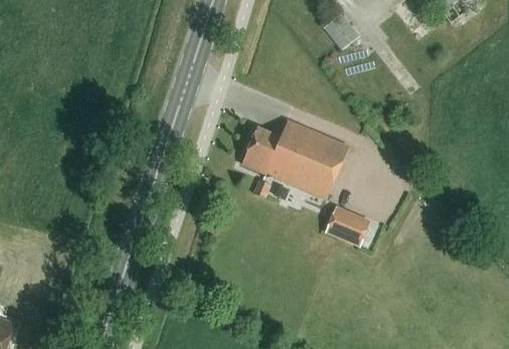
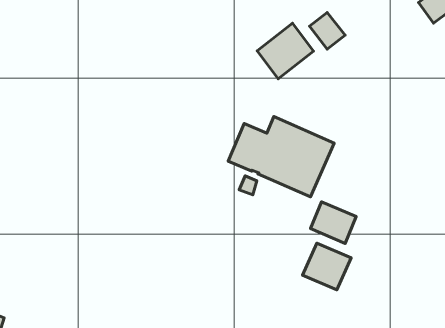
building: none -> [257,23,314,79]
building: none -> [302,243,351,290]

